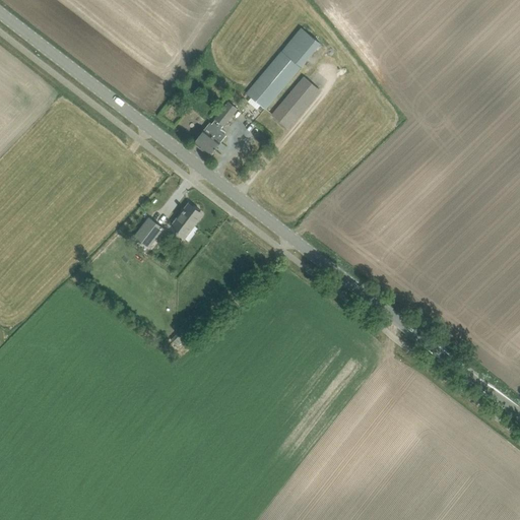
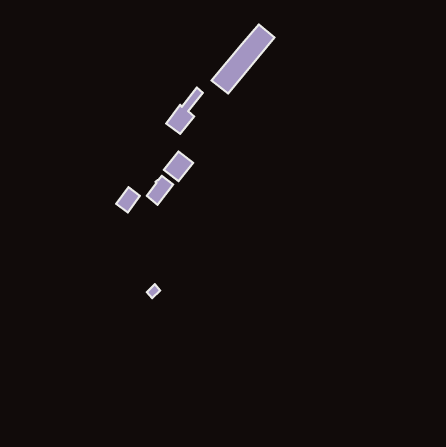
building: [271,77,319,128] -> none
building: none -> [164,152,193,181]

